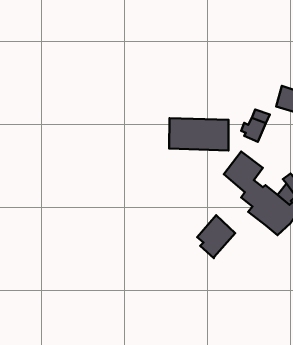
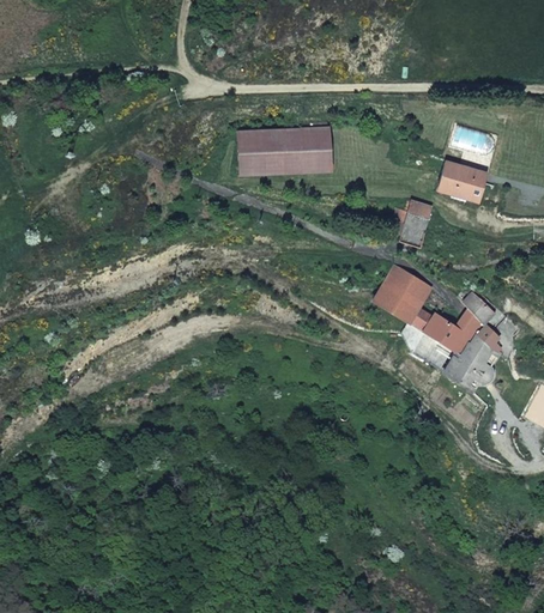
building: [169,118,229,150] -> [240,128,332,178]
building: [197,215,235,258] -> none

